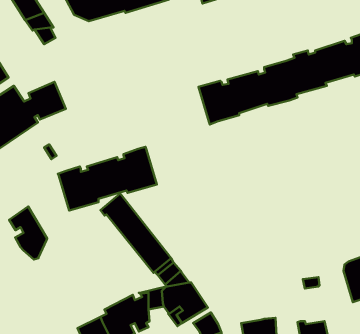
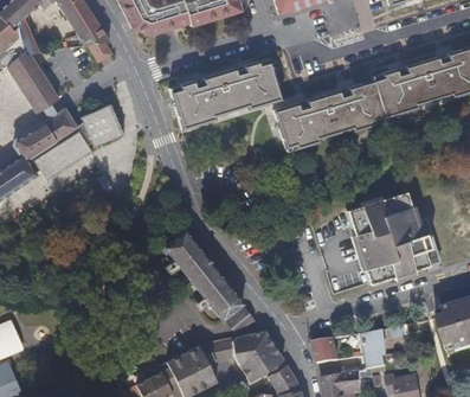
building: [58,147,157,210] -> [169,57,282,129]
building: none -> [348,192,427,282]
building: [9,207,47,259] -> none
building: none -> [348,328,387,372]
building: none -> [313,338,340,363]

